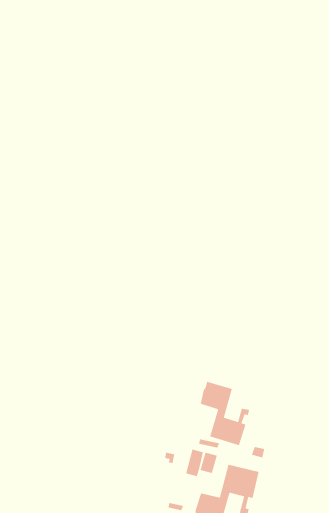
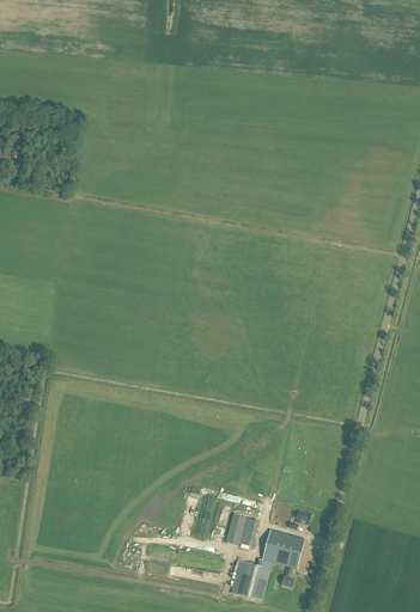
building: [200,381,250,446] -> none

